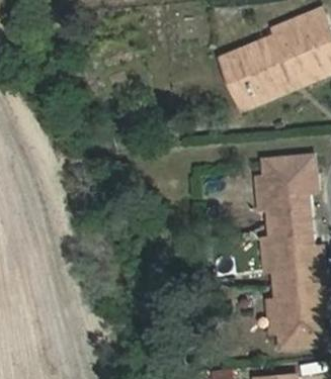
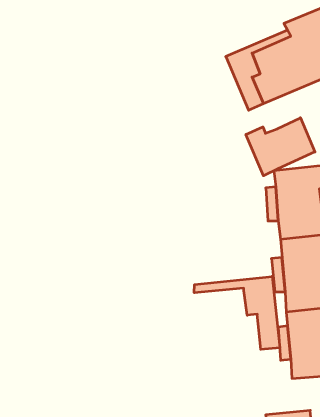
building: none -> [246,118,315,176]
building: none -> [194,276,280,349]

